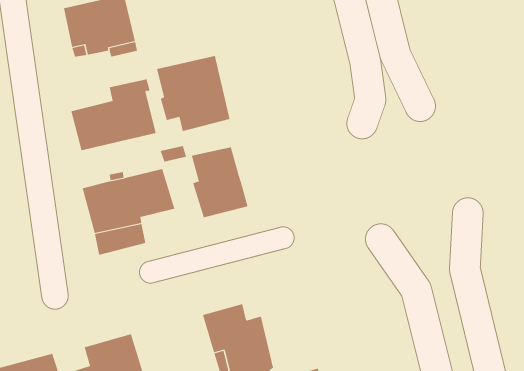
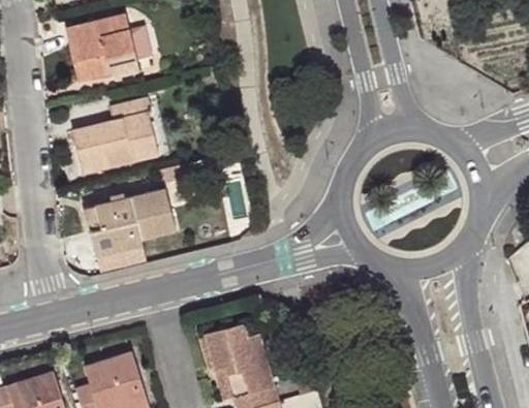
building: [157,55,230,132] -> none
building: [191,146,248,218] -> none

